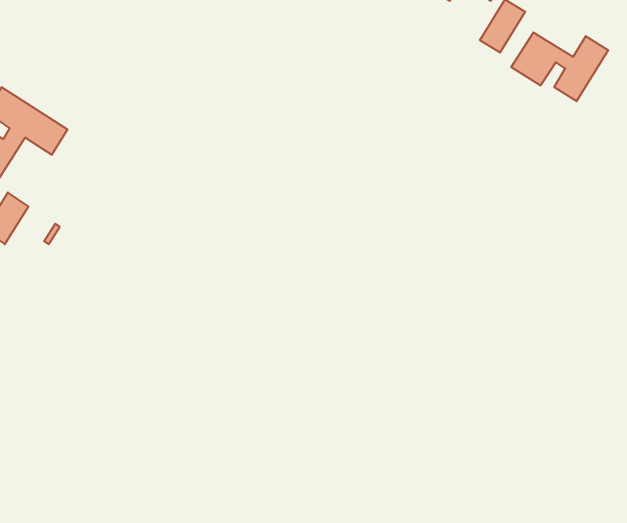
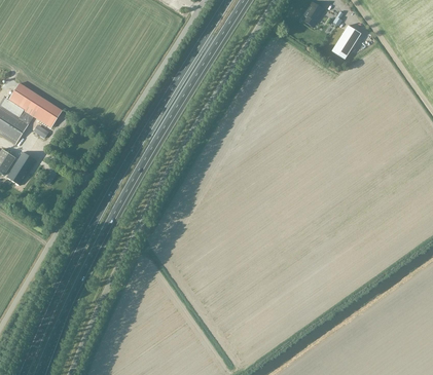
building: [511,32,608,101] -> none

